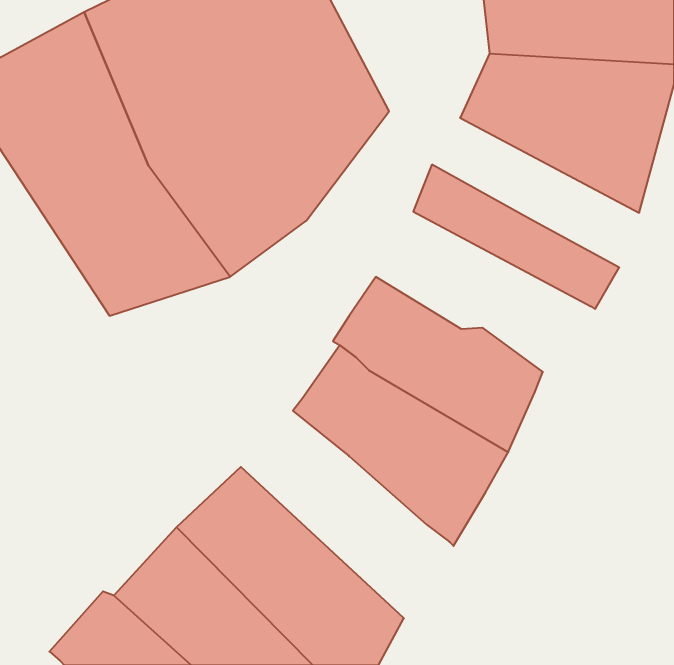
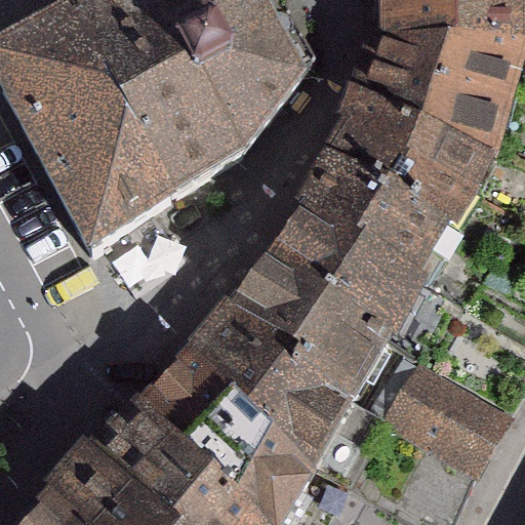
building: none -> [331,90,490,205]
building: none -> [288,162,453,285]
building: none -> [181,299,345,474]
building: none -> [385,361,513,476]

